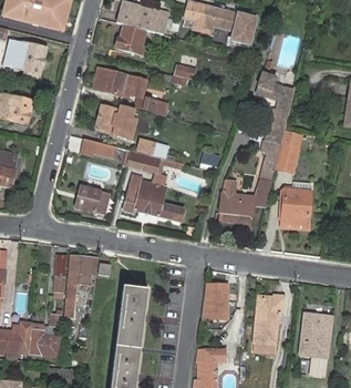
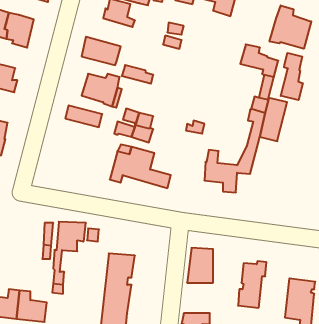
building: none -> [270,5,311,49]
building: none -> [281,53,303,100]
building: [75,185,109,212] -> none
building: [278,187,311,225] -> none

